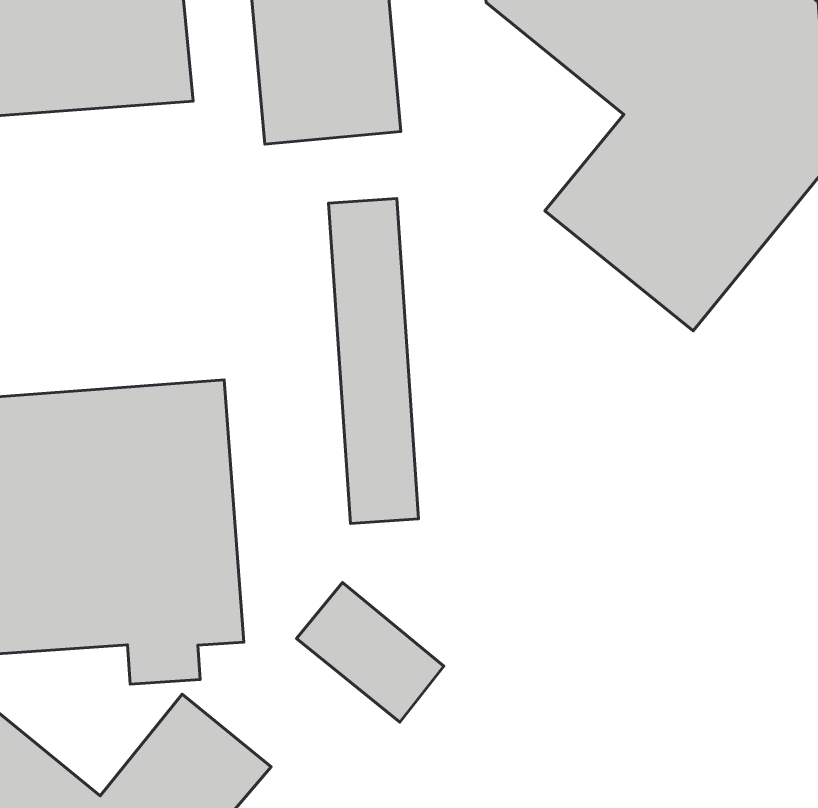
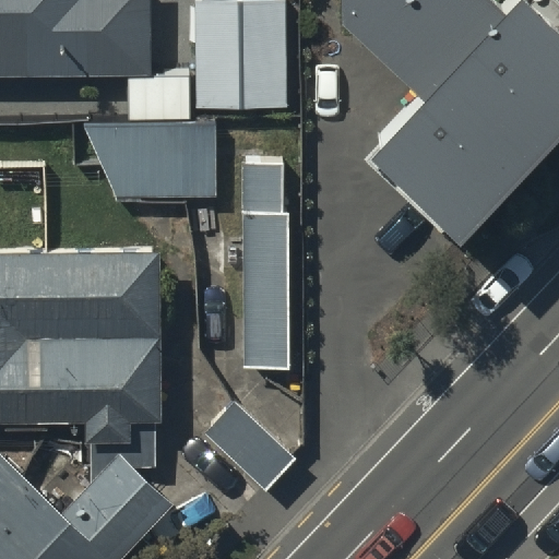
building: none -> [85,126,214,194]

